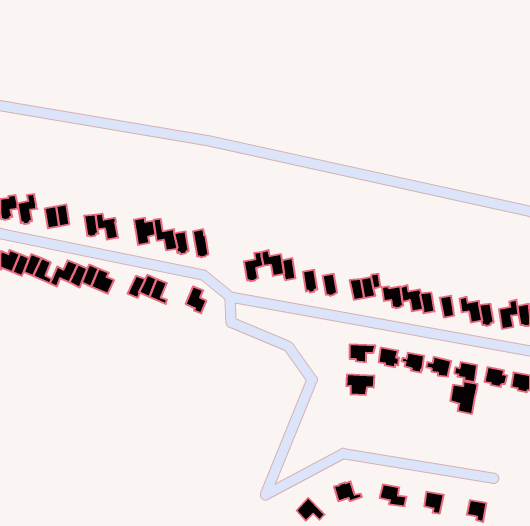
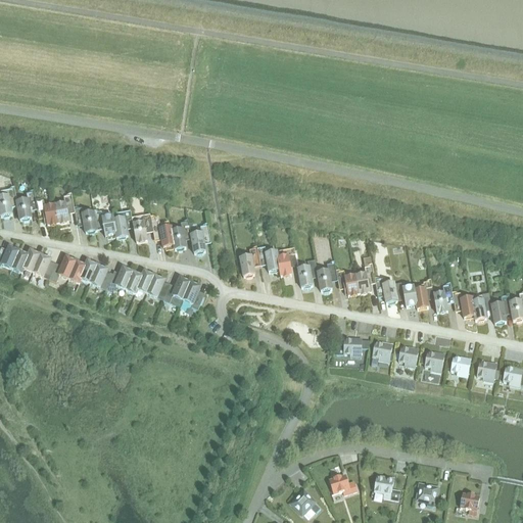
building: none -> [112,211,134,238]
building: none -> [106,267,134,292]
building: none -> [163,277,190,305]
building: [347,374,374,395] -> none
building: [450,381,477,414] -> none

